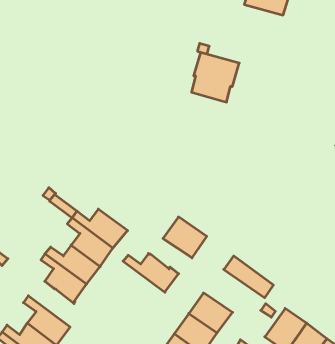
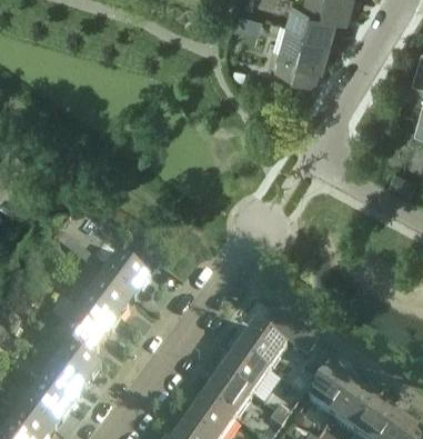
building: [192,52,239,102] -> [272,19,326,76]
building: [163,217,207,258] -> [235,323,285,370]
building: [123,253,179,292] -> [36,342,99,387]

